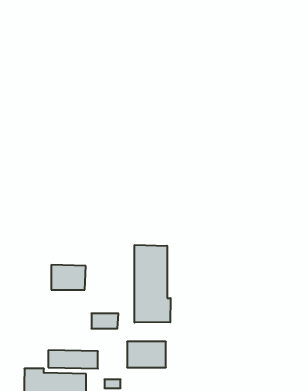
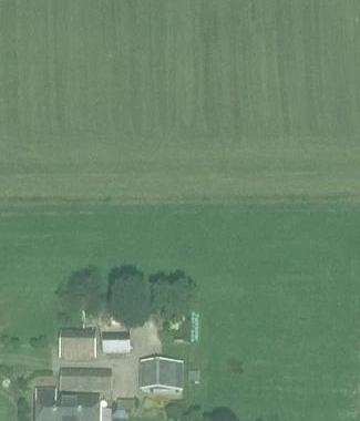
building: [135,245,171,323] -> none
building: [51,265,86,290] -> [60,330,95,356]

